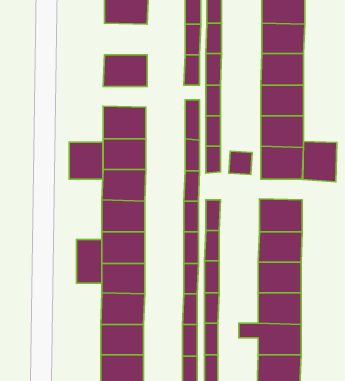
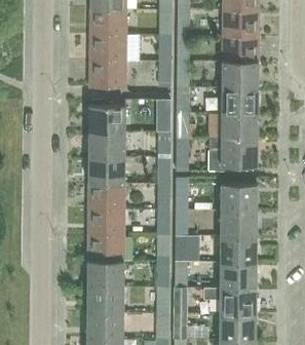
building: none -> [90,35,126,62]
building: [303,141,337,182] -> none
building: [69,142,103,179] -> none
building: [77,239,102,283] -> none

